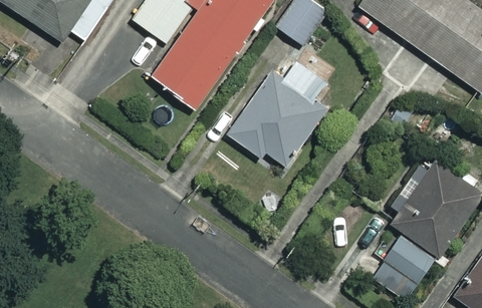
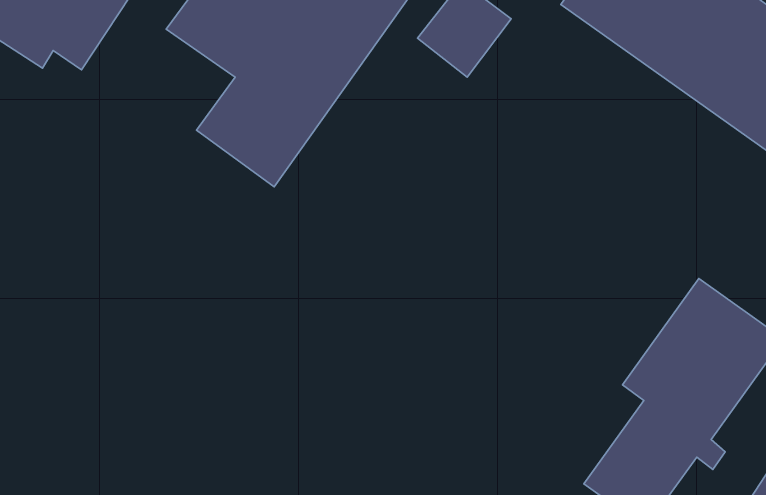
building: [227,51,330,166] -> none

